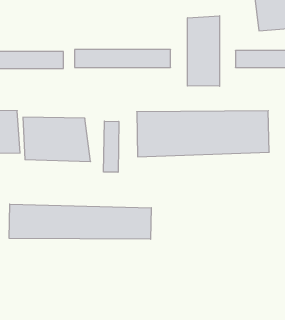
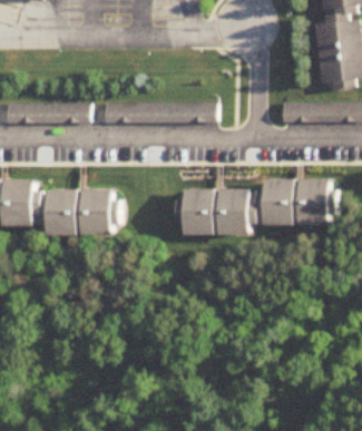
building: [187,16,220,86] -> none
building: [104,121,119,172] -> none
building: [9,204,151,239] -> none

